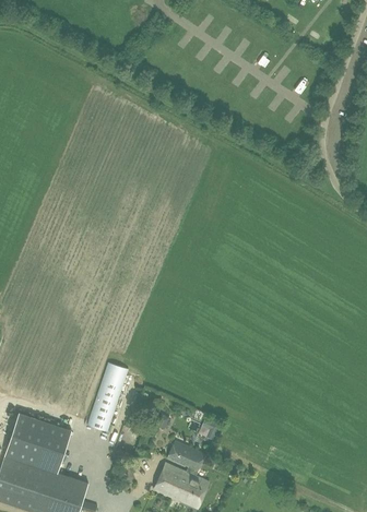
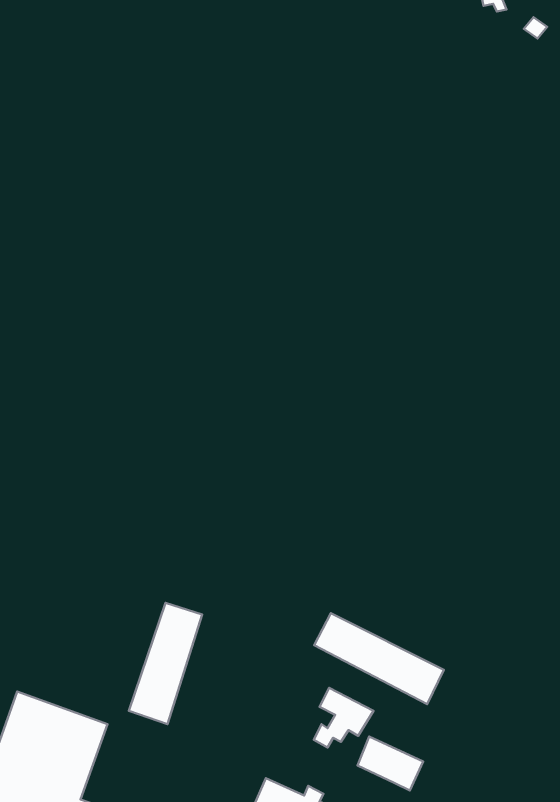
building: none -> [314,613,444,704]
building: [166,440,203,471] -> [358,736,423,790]

